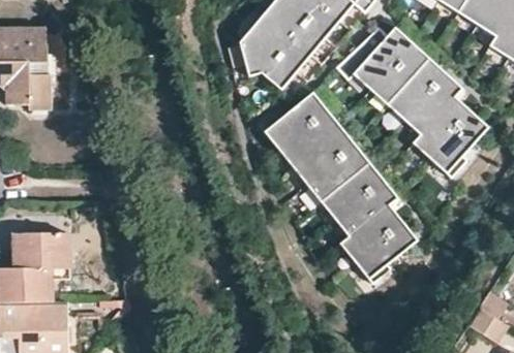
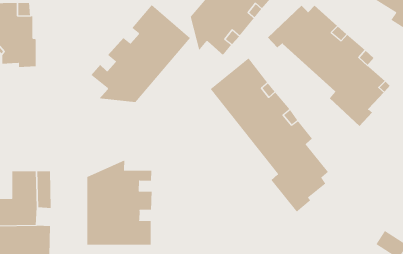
building: none -> [90,4,191,103]
building: none -> [87,159,152,246]

